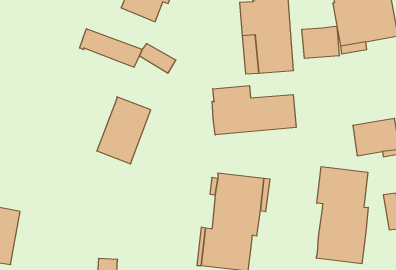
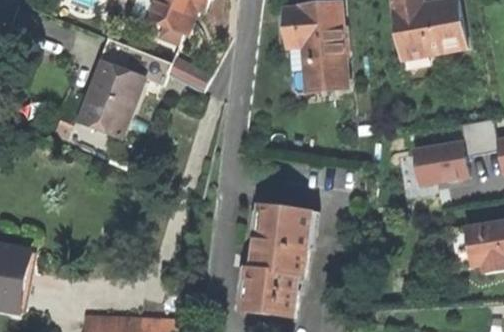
building: [302,26,339,58] -> none
building: [212,86,296,135] -> none
building: [97,97,151,164] -> [82,61,144,138]
building: [316,167,368,264] -> none

